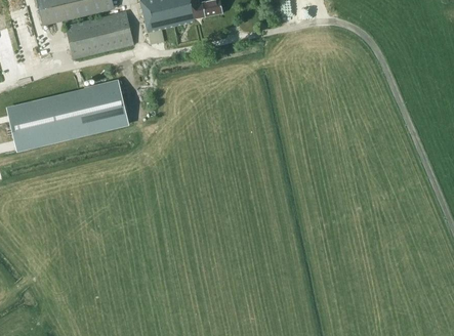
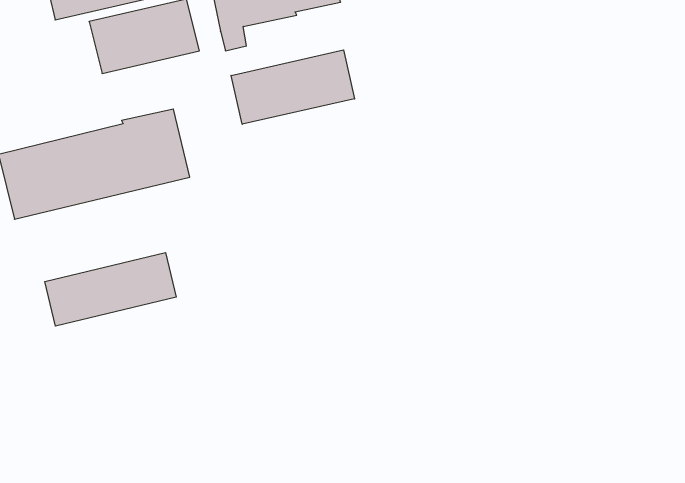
building: none -> [231,50,355,124]
building: none -> [45,253,176,326]

